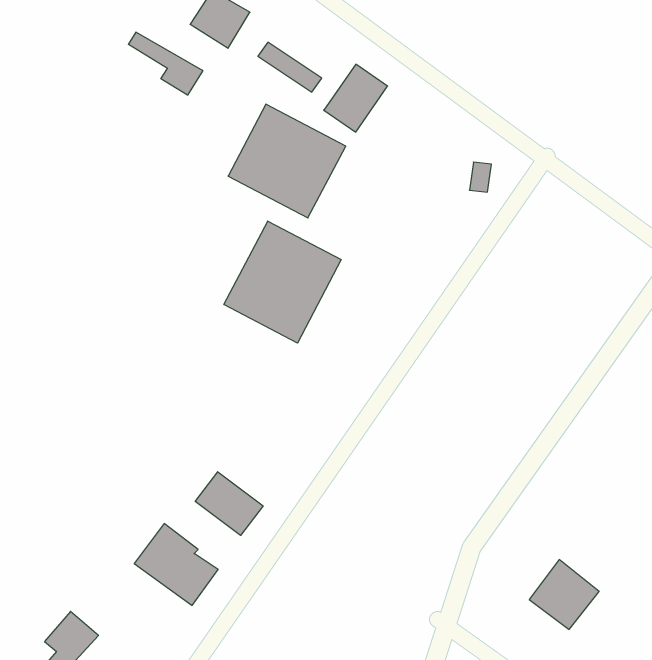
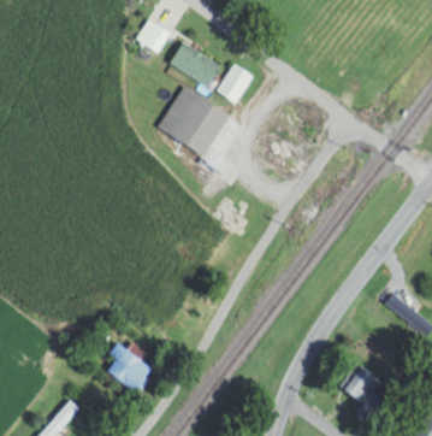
building: [128,32,203,95] -> none
building: [224,221,341,343] -> none
building: [195,472,263,535] -> none

